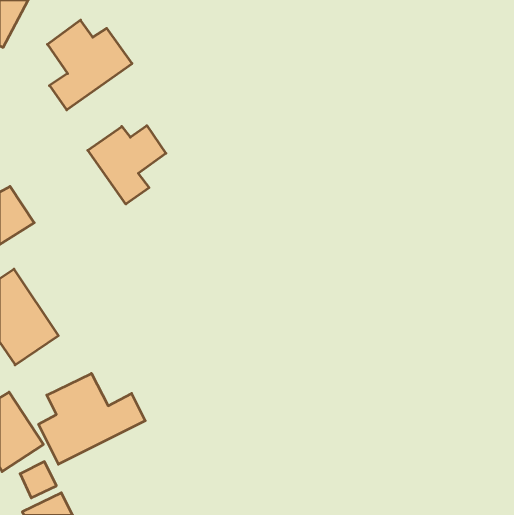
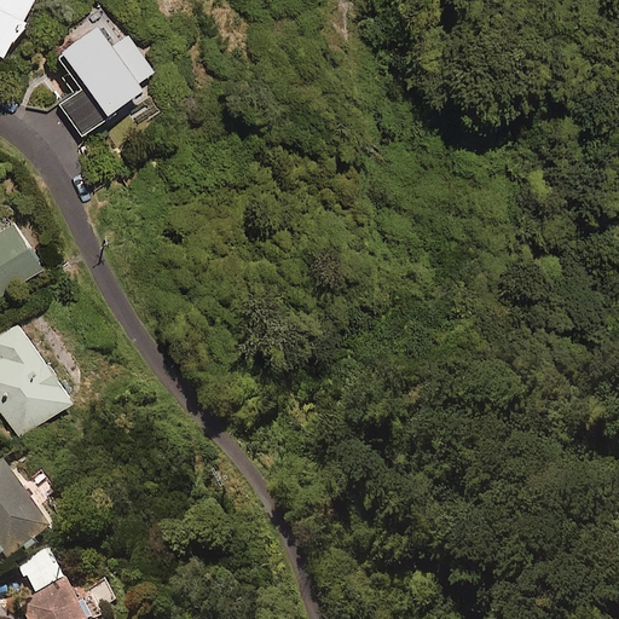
building: [88,126,166,204] -> none
building: [39,373,145,464] -> none

